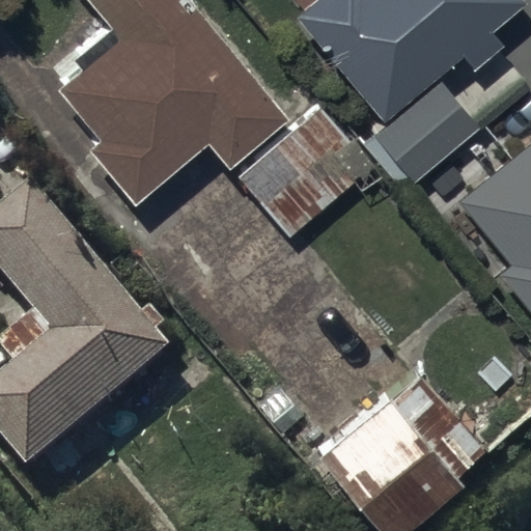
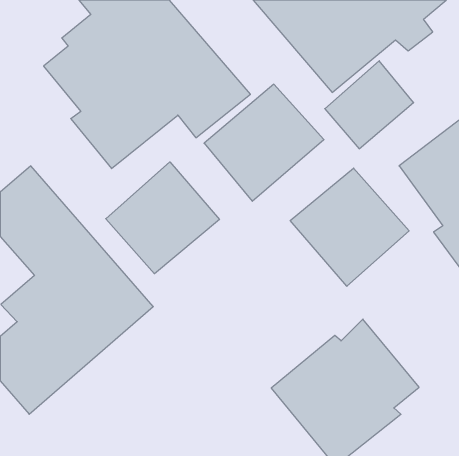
building: none -> [106,162,219,274]
building: none -> [290,168,409,286]

